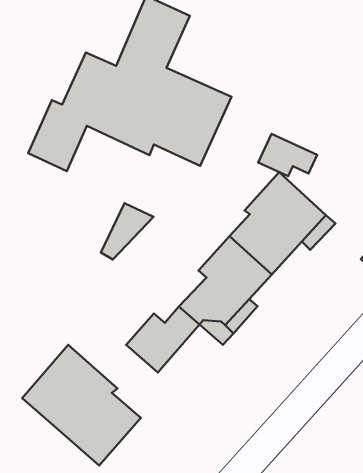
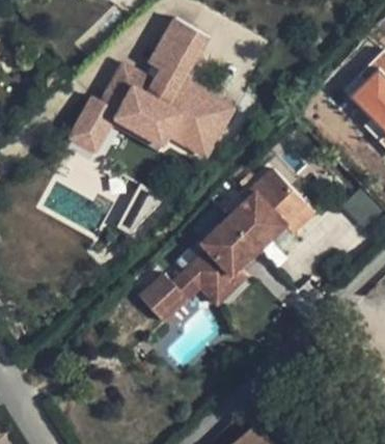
building: [258,134,317,176] -> none
building: [22,345,141,465] -> none

